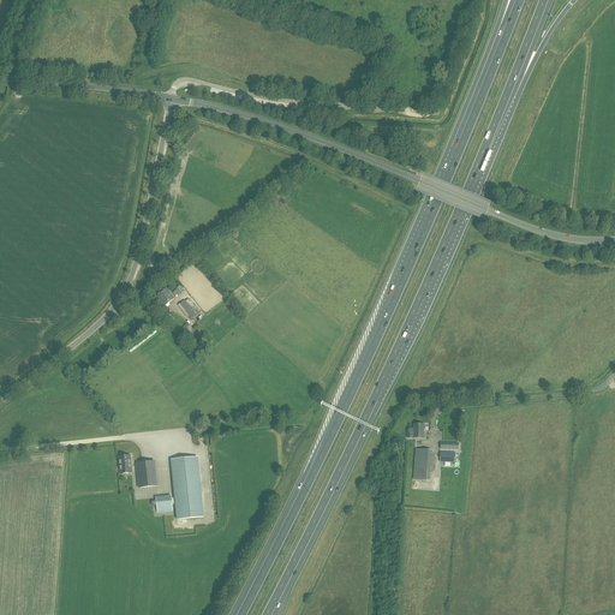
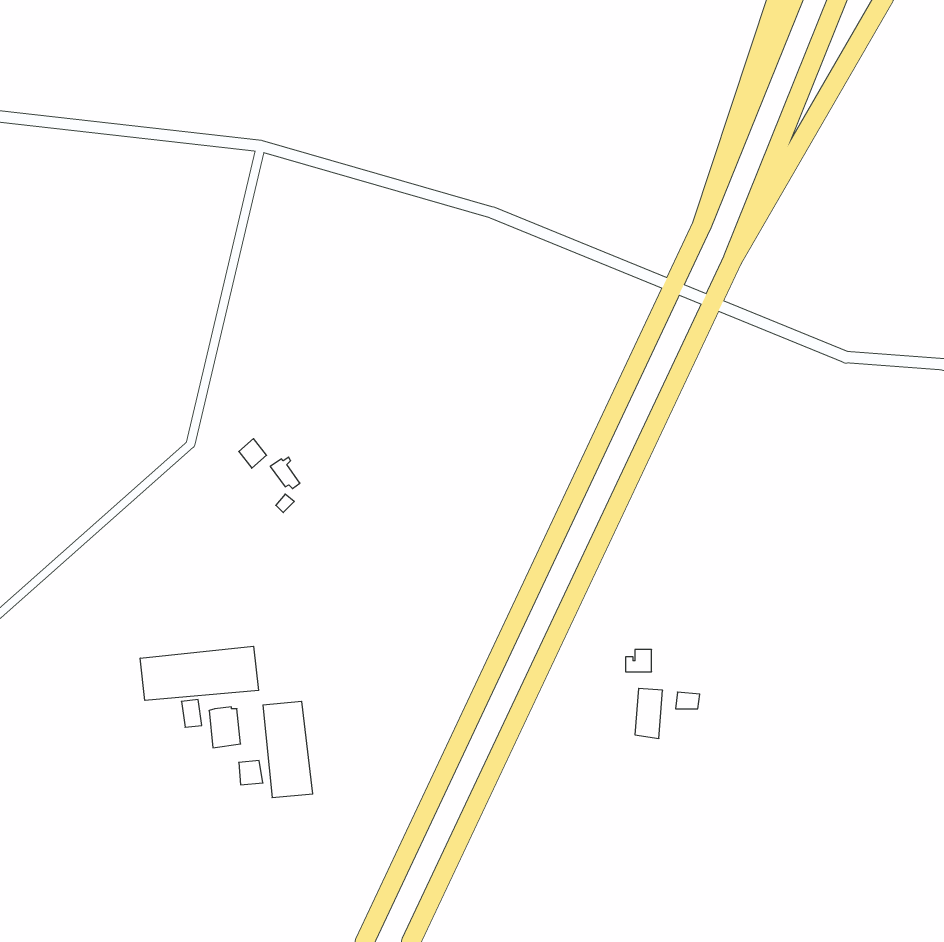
building: none -> [140,646,259,700]

